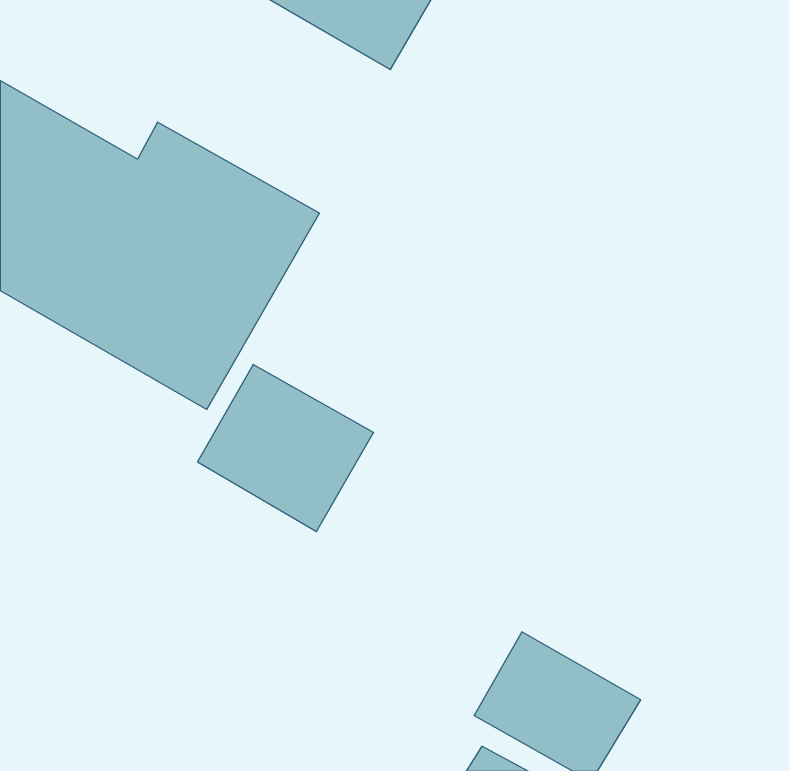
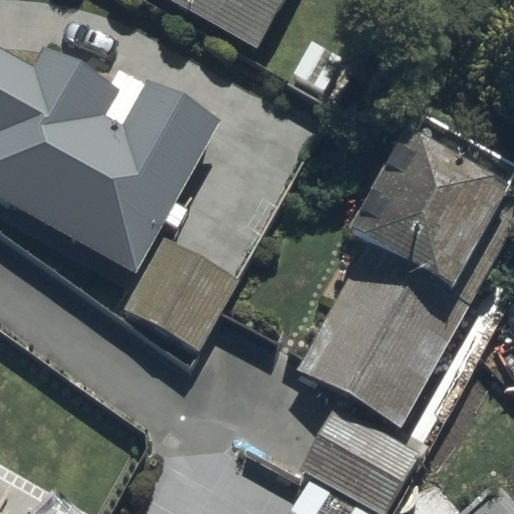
building: none -> [358,142,499,279]
building: none -> [305,282,445,421]

